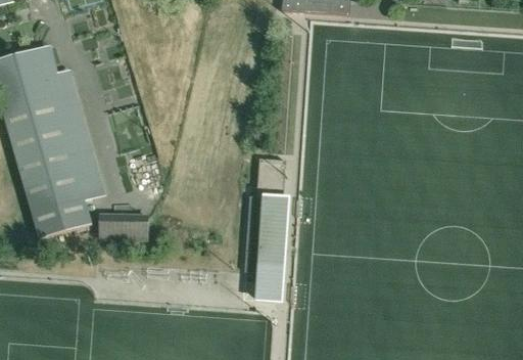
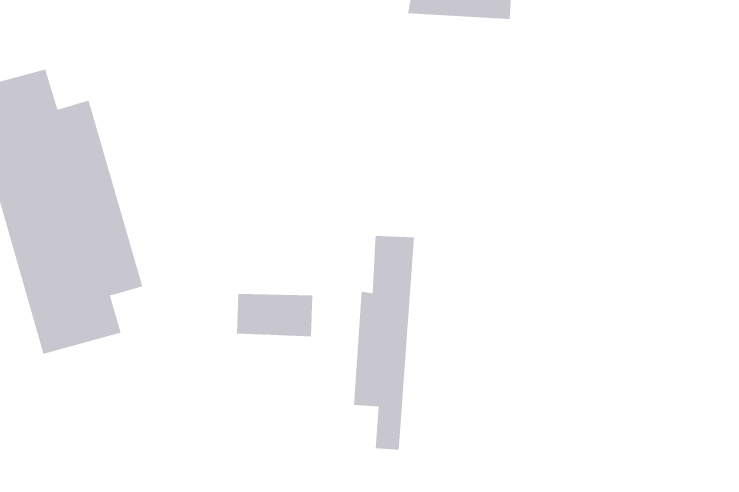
building: [99,213,150,241] -> [236,294,313,337]

